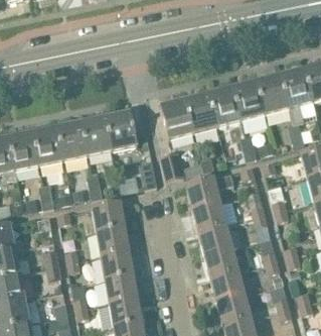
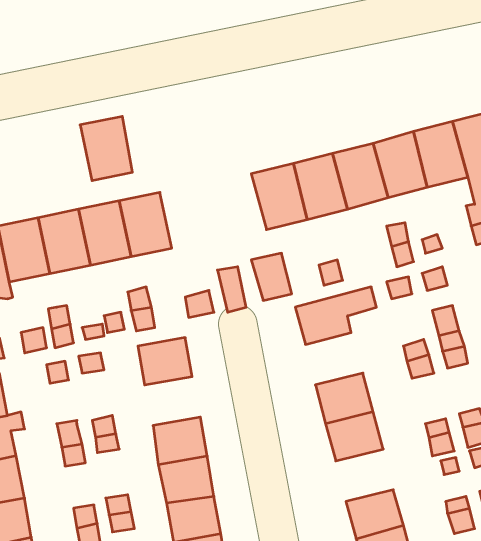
building: [106,111,137,149] -> [80,116,132,181]
building: [192,200,226,231] -> none
building: [97,226,130,255] -> none
building: [210,269,245,301] -> none

